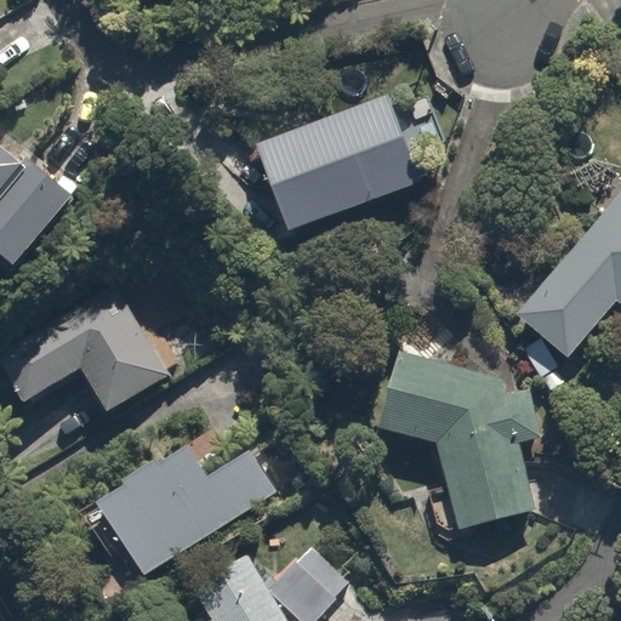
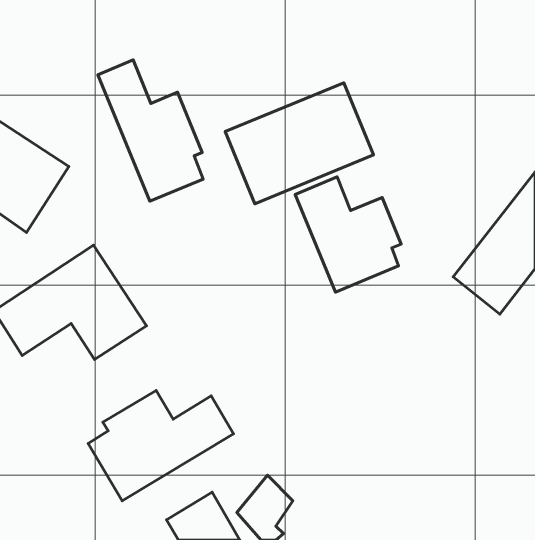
building: none -> [98,60,203,201]
building: none -> [295,177,401,292]
building: [383,363,545,531] -> none

